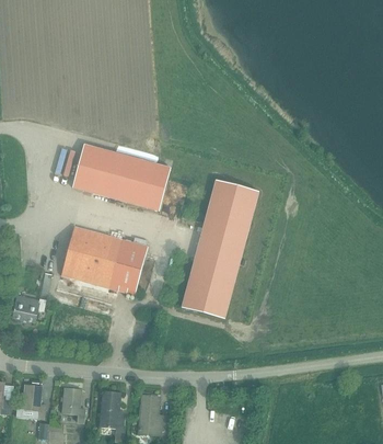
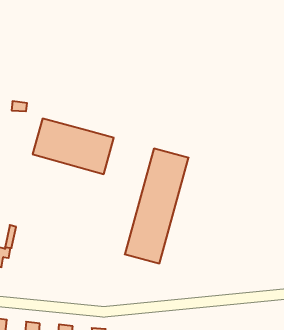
building: [60,227,147,295] -> none

